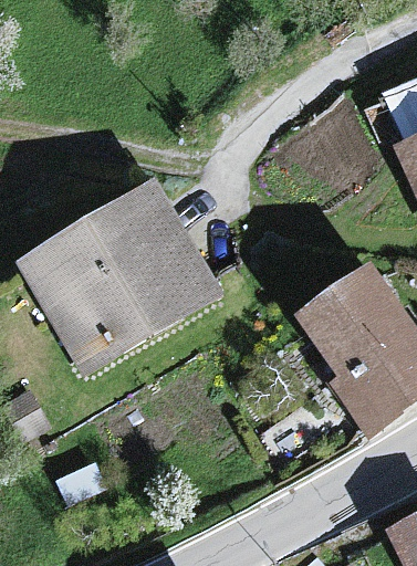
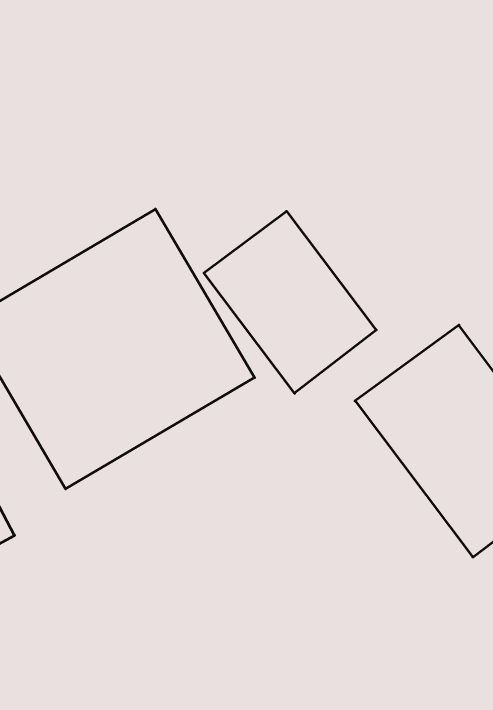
building: none -> [204,211,376,393]

